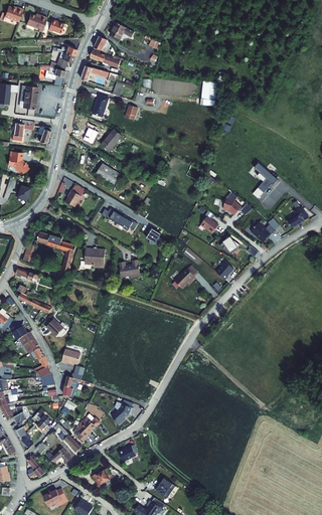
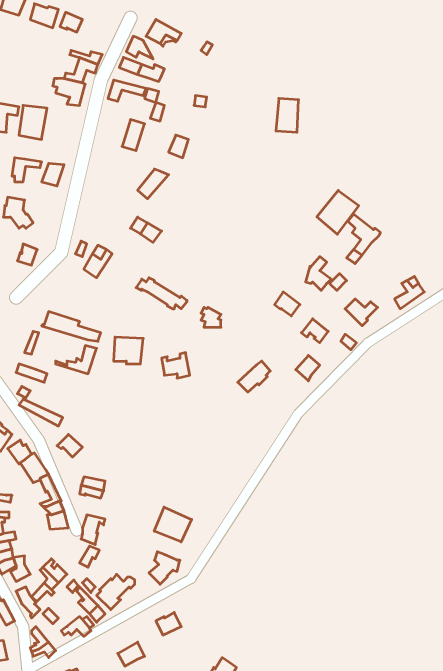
building: none -> [317,190,359,234]
building: none -> [154,507,192,542]

